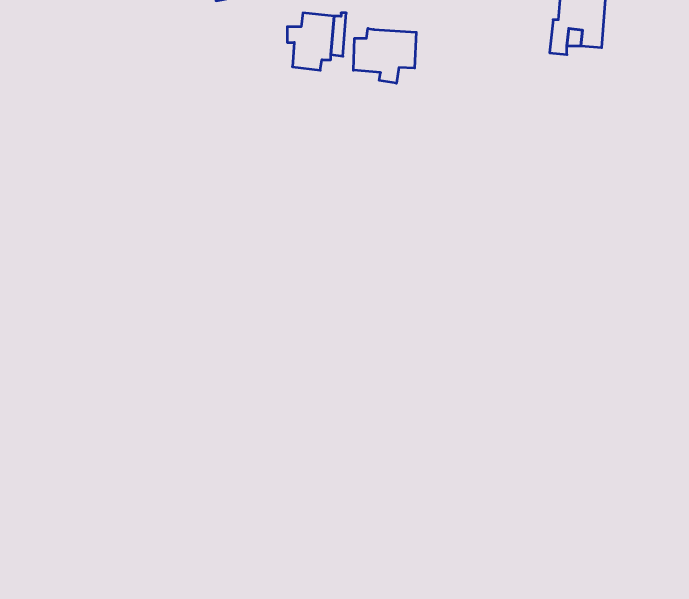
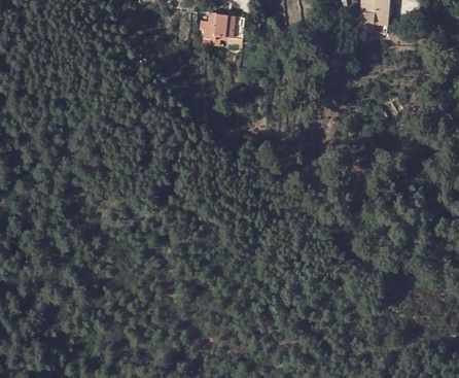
building: [353,28,416,83] -> none

